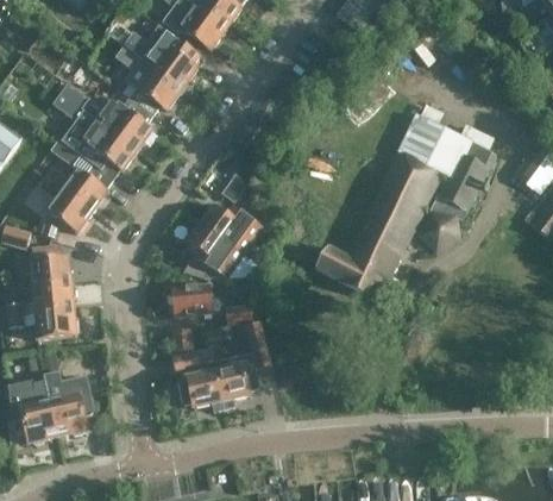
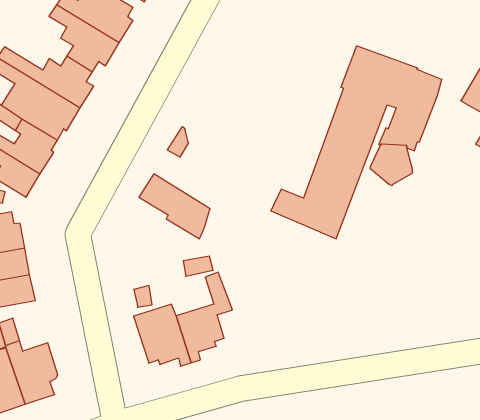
building: [203,206,260,258] -> none
building: [171,283,213,315] -> none

